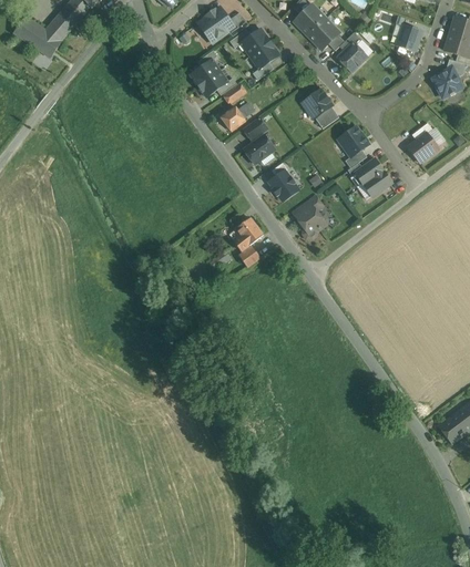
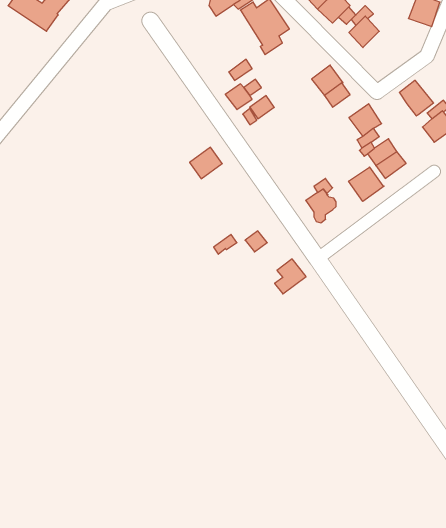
building: [186,53,235,100] -> none
building: none -> [399,80,434,116]
building: [243,134,274,164] -> [190,147,222,179]
building: [267,164,300,203] -> none
building: none -> [349,167,384,201]
building: [233,217,263,250] -> [275,259,306,294]

